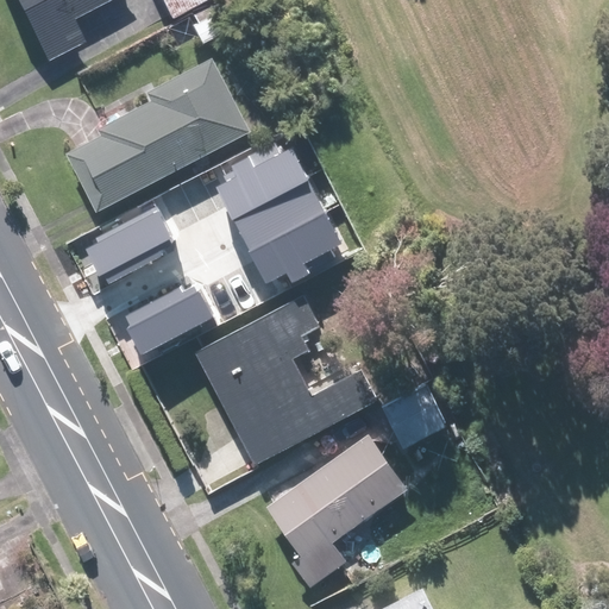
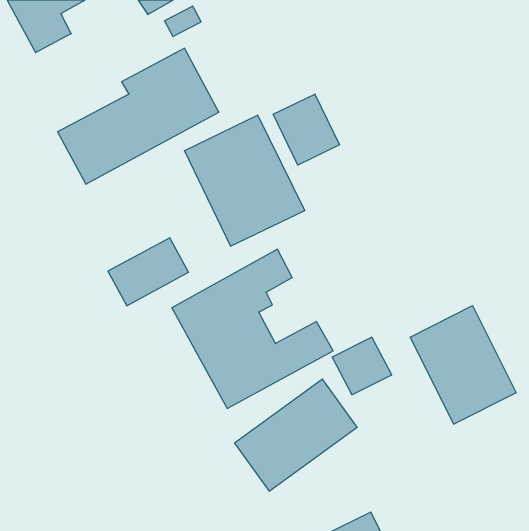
building: none -> [273,94,339,165]
building: [83,206,176,280] -> none
building: none -> [410,306,516,424]

